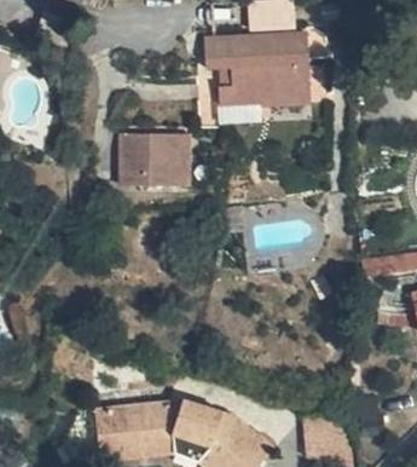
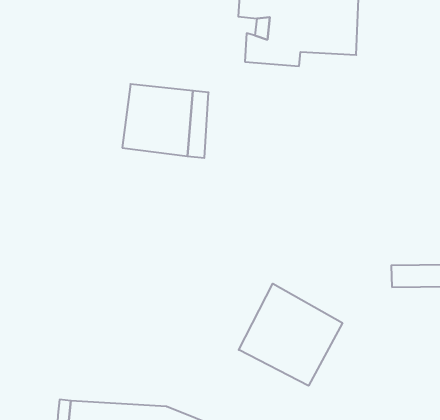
building: [219,83,313,115] -> none
building: none -> [239,284,342,386]

